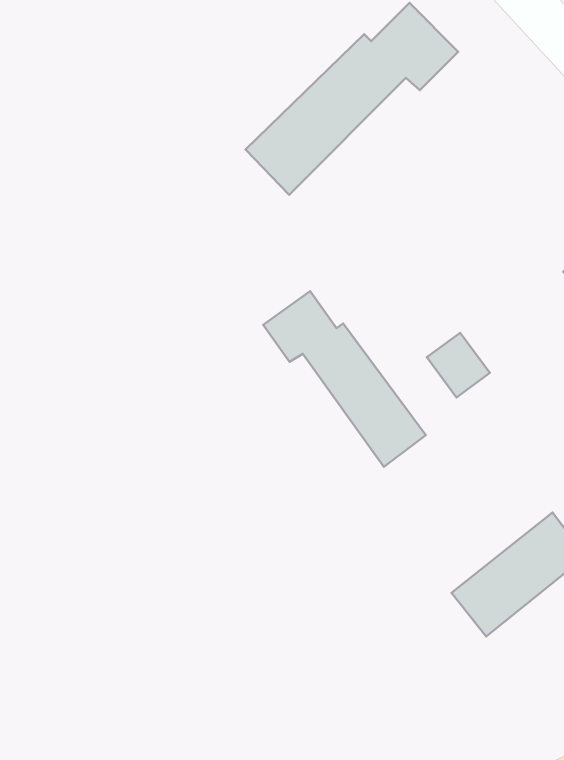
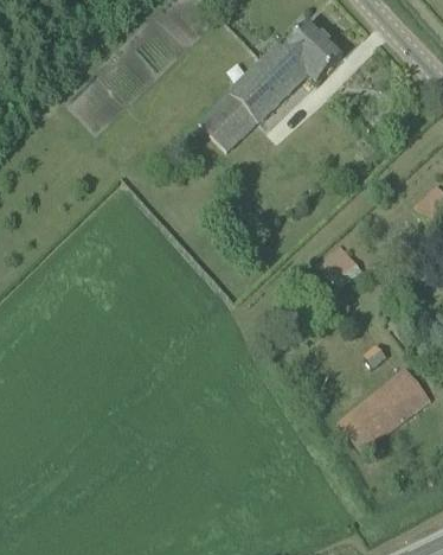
building: [263,291,426,467] -> none

